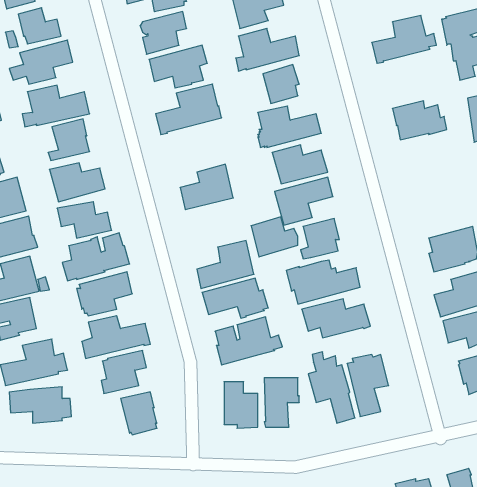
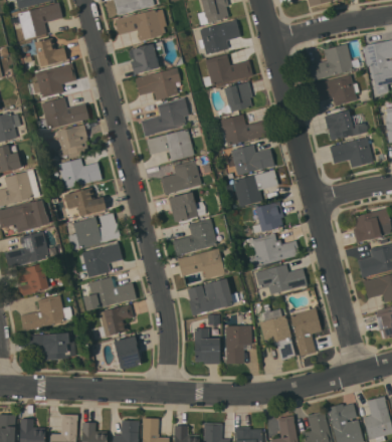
building: none -> [315,74,359,105]
building: none -> [146,128,194,160]
building: none -> [330,137,374,167]
building: [251,217,298,257] -> [169,191,205,222]

